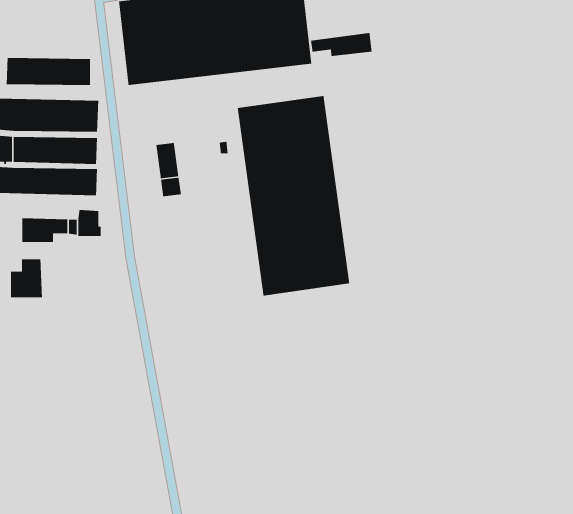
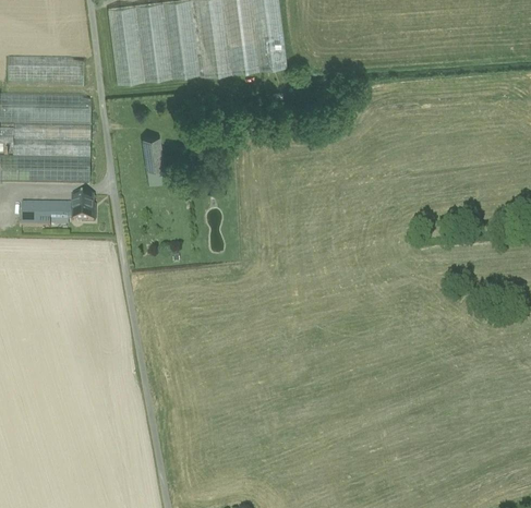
building: [310,32,372,57] -> none
building: [237,95,350,296] -> none
building: [10,258,43,298] -> none

